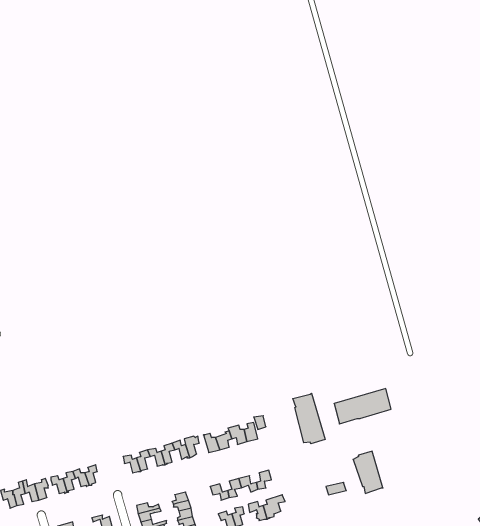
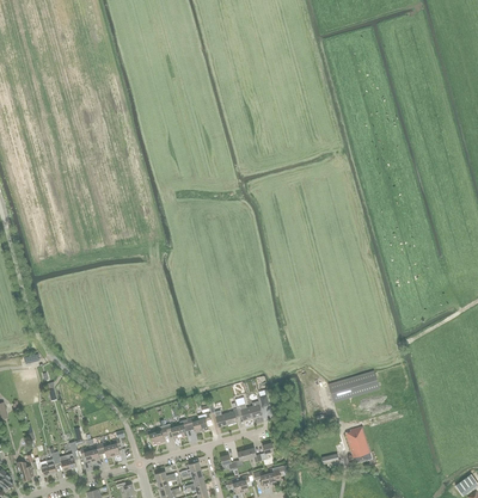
building: [293,393,325,444] -> none

